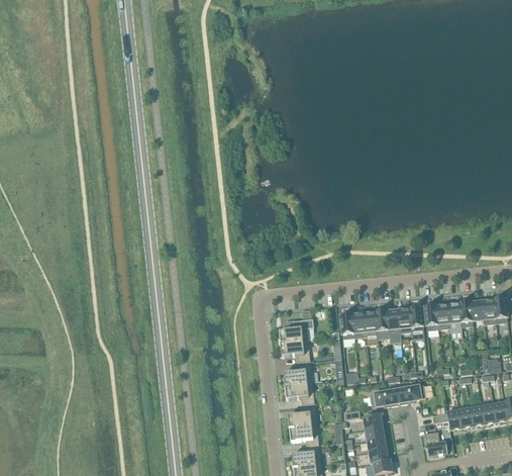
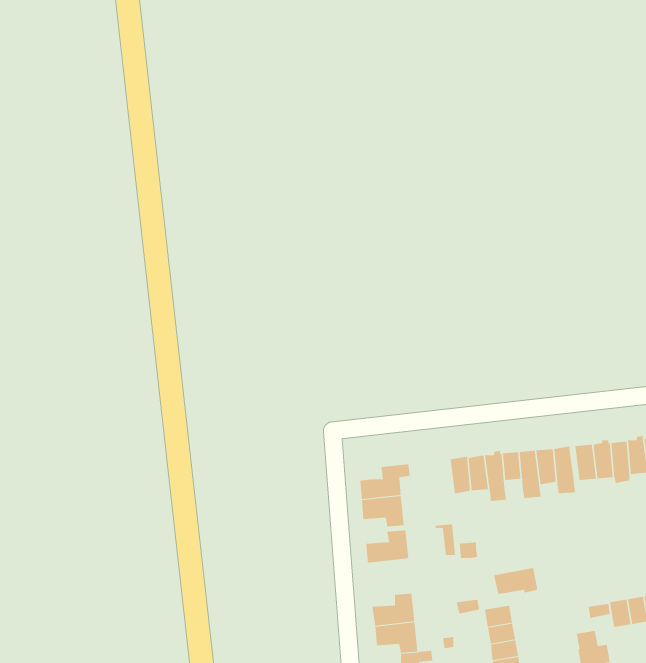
building: [284,382,314,403] -> none
building: [396,384,425,404] -> none

